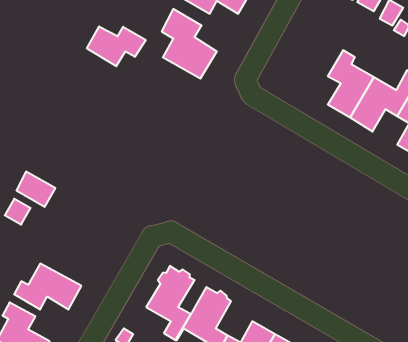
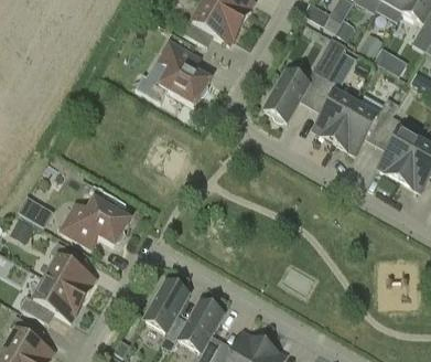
building: none -> [263,36,346,120]
building: [87,26,146,66] -> none
building: none -> [61,196,129,244]
building: none -> [44,241,95,298]

